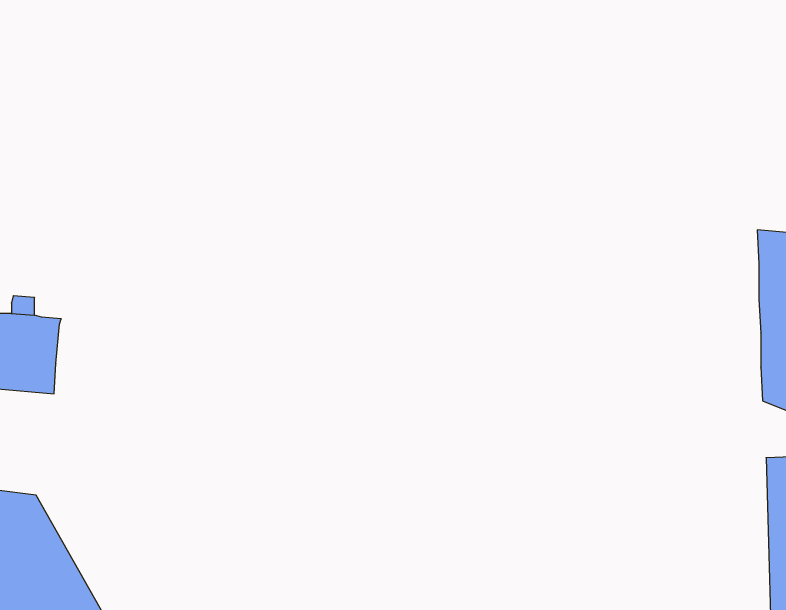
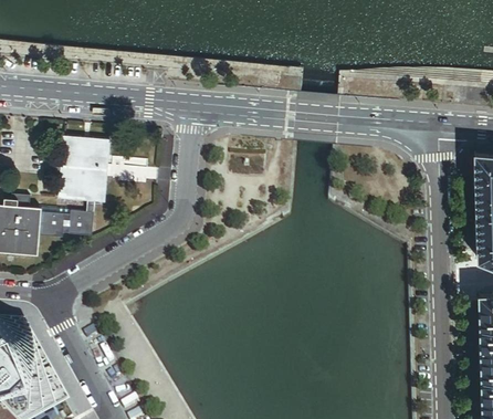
building: none -> [57,138,111,205]
building: none -> [39,213,95,240]

